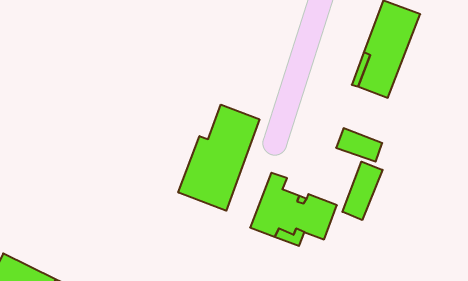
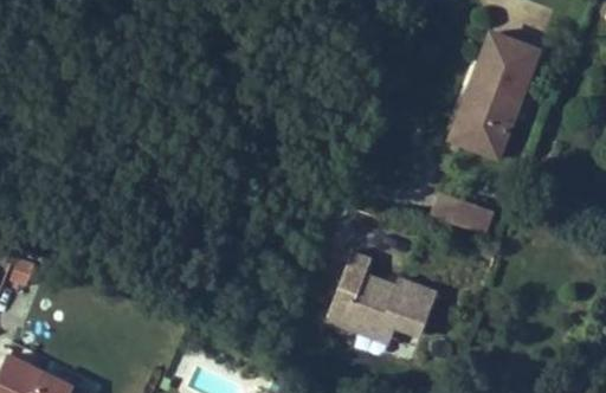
building: [178,105,259,211] -> none
building: [342,162,383,220] -> none

